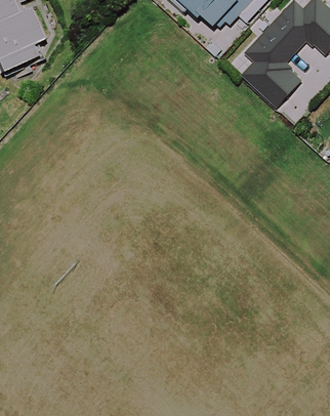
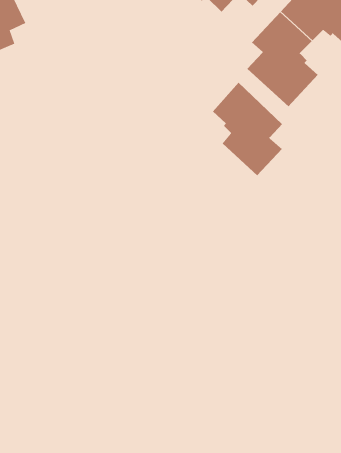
building: none -> [212,82,283,176]

